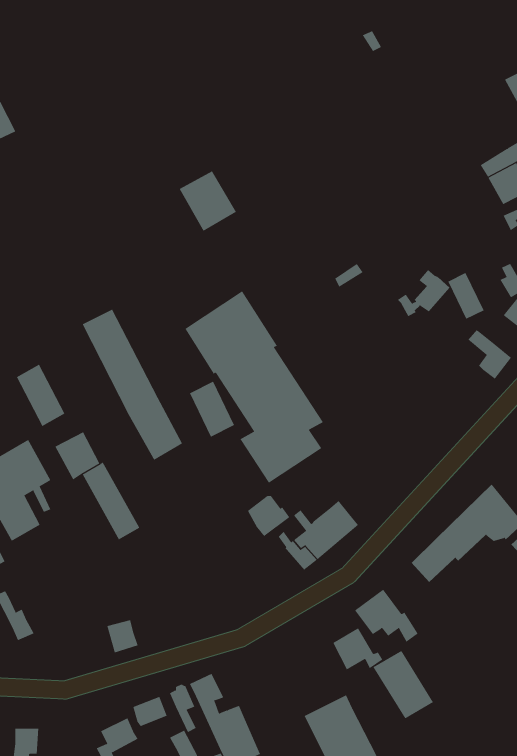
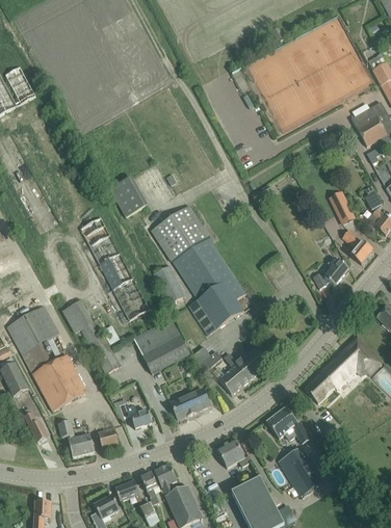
building: [179,170,237,232] -> [108,176,148,217]
building: [397,269,451,317] -> [312,256,348,288]
building: [16,364,65,427] -> none
building: none -> [133,318,189,373]
building: none -> [32,354,86,411]
building: none -> [170,388,209,419]
building: none -> [119,402,151,428]
building: none -> [58,420,94,457]
building: [333,627,383,670] -> [216,439,251,468]

